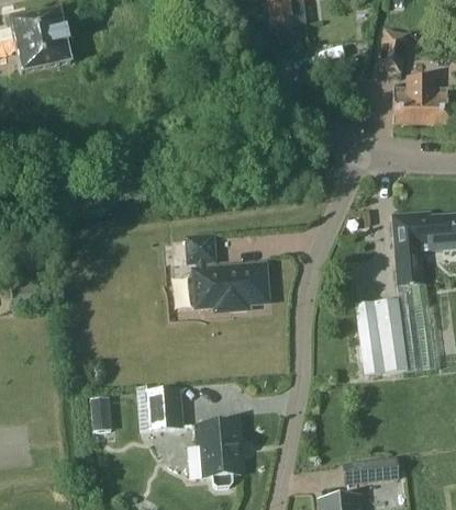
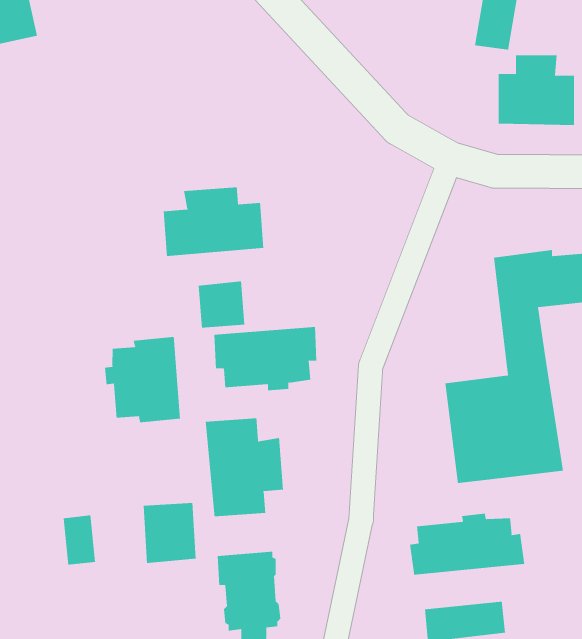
building: none -> [163,187,264,257]
building: none -> [105,336,180,423]
building: none -> [205,417,283,517]
building: none -> [410,513,525,576]

